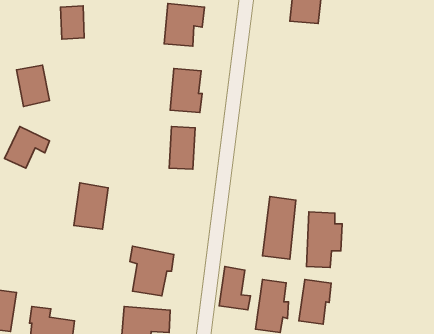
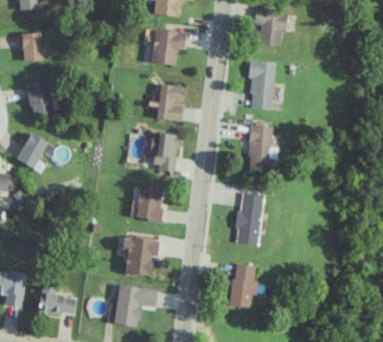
building: [61,6,84,39] -> [22,33,42,61]
building: none -> [248,60,275,109]
building: [74,183,108,229] -> [135,183,164,222]
building: [307,212,342,268] -> [248,125,278,173]
building: [219,266,251,310] -> none
building: [299,279,331,324] -> none

